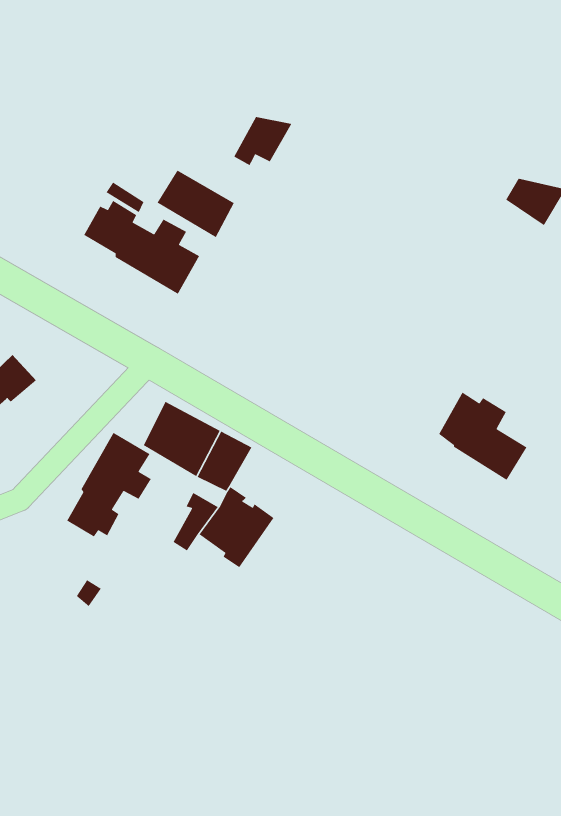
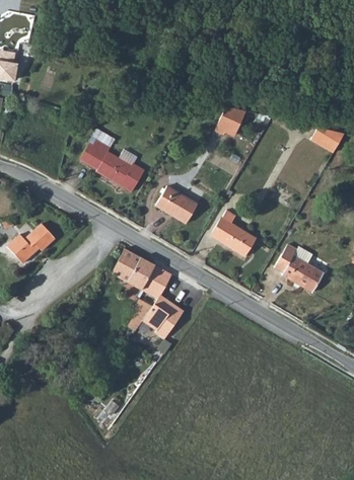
building: [233,116,293,166] -> [212,107,244,135]
building: [157,169,235,238] -> [155,186,198,224]
building: none -> [209,211,255,256]
building: [66,432,152,537] -> none

